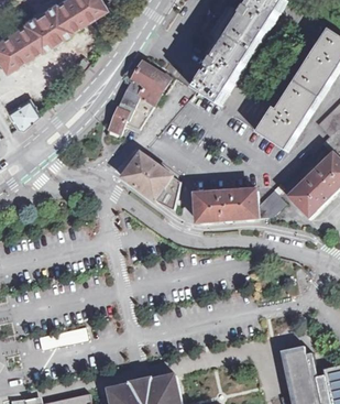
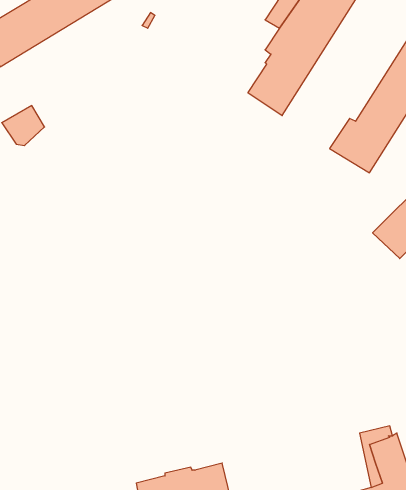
building: [103,59,166,139] -> none
building: [121,153,178,208] -> none
building: [194,183,284,221] -> none

